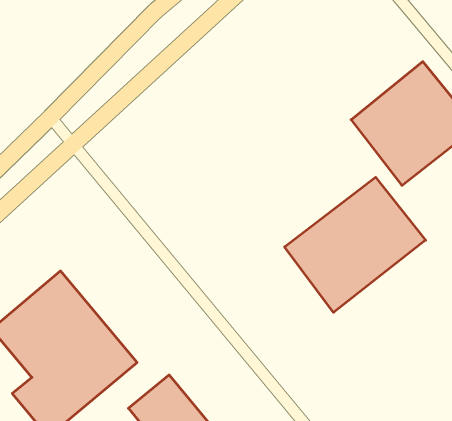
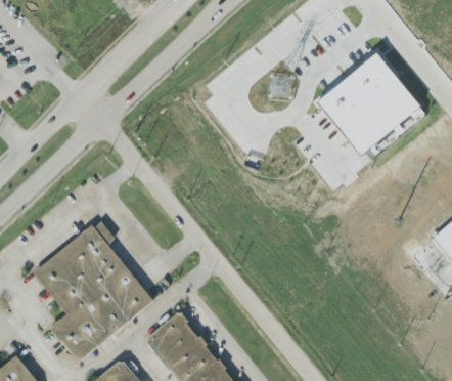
building: [285,177,426,312] -> none

